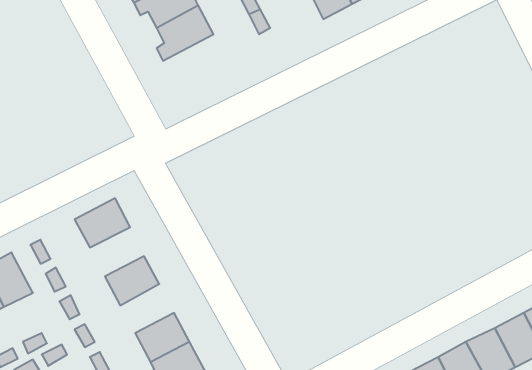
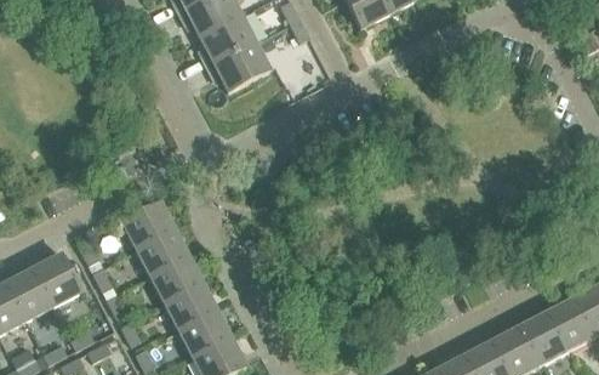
building: none -> [206,42,269,91]
building: none -> [136,228,188,275]
building: none -> [165,283,217,330]

